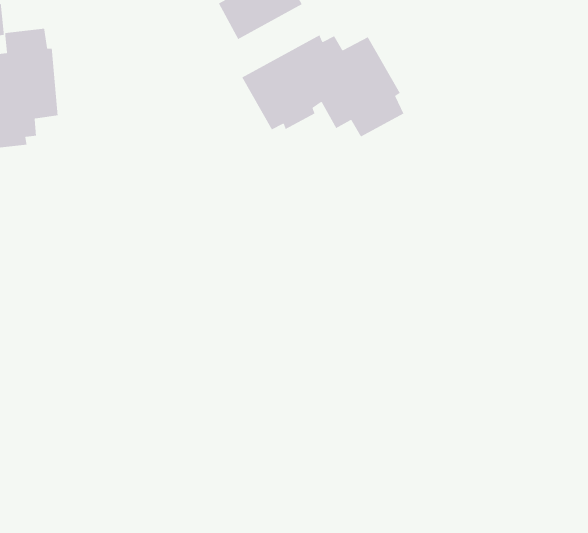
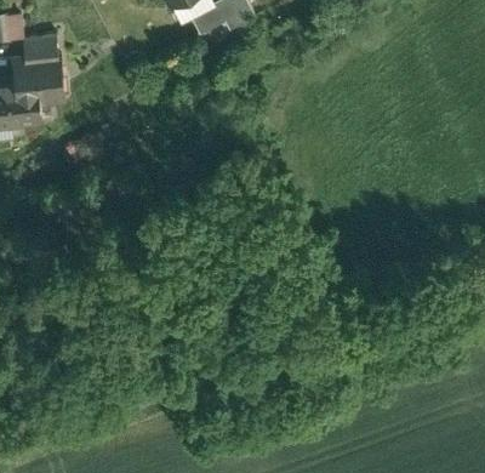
building: [241,34,405,137] -> none

